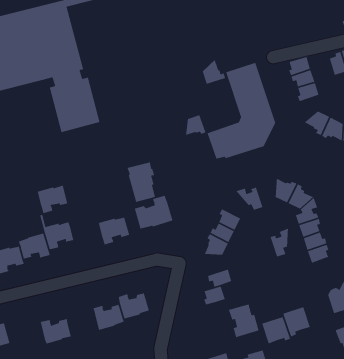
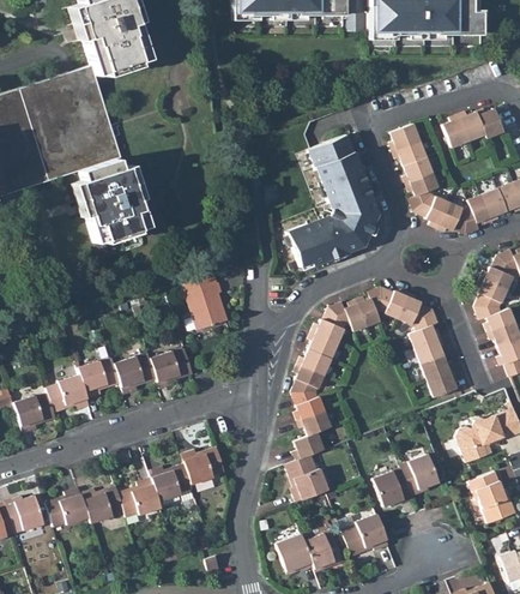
building: [202,59,226,85] -> none
building: none -> [407,174,440,211]
building: [185,114,206,136] -> none
building: [37,184,68,214] -> [115,353,157,394]
building: none -> [313,306,347,342]
building: [134,195,173,229] -> none
building: [269,227,289,258] -> [357,286,382,326]
building: none -> [292,392,326,420]
building: [228,303,260,338] -> [285,455,328,502]
building: none -> [119,478,162,517]
building: none -> [47,487,89,527]

